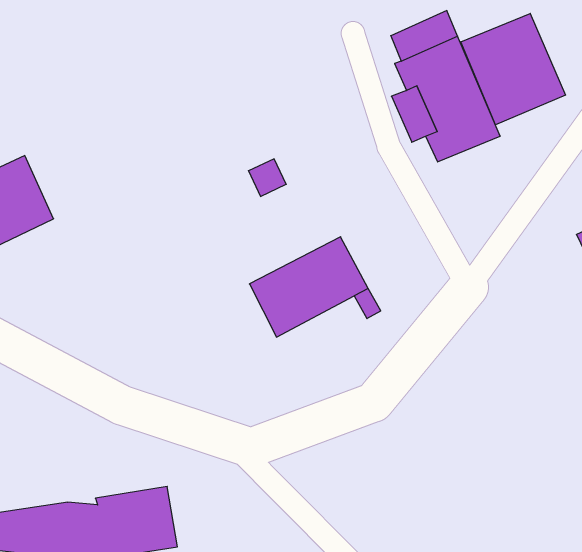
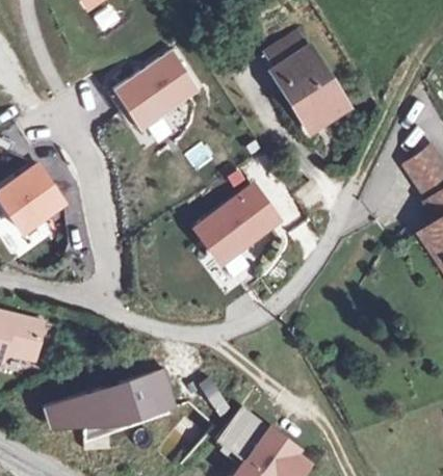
building: [461,13,566,125] -> none
building: none -> [111,50,203,130]

